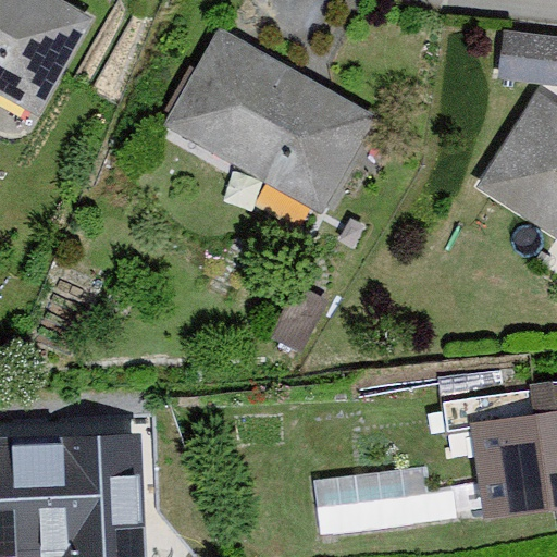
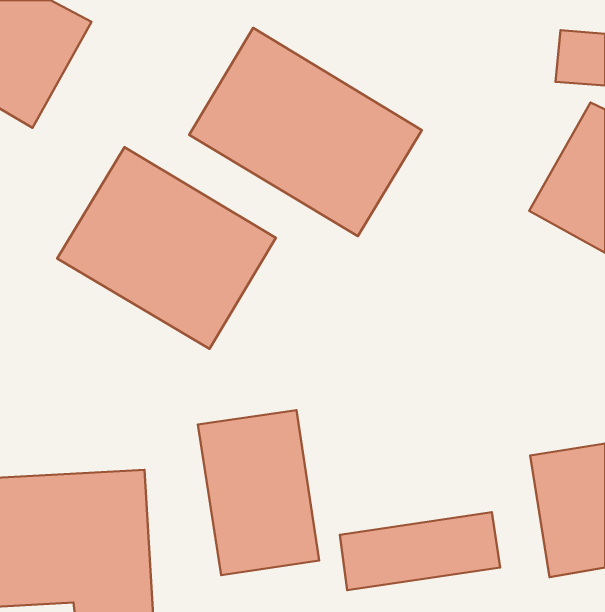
building: none -> [57,147,276,349]
building: none -> [198,410,319,575]

